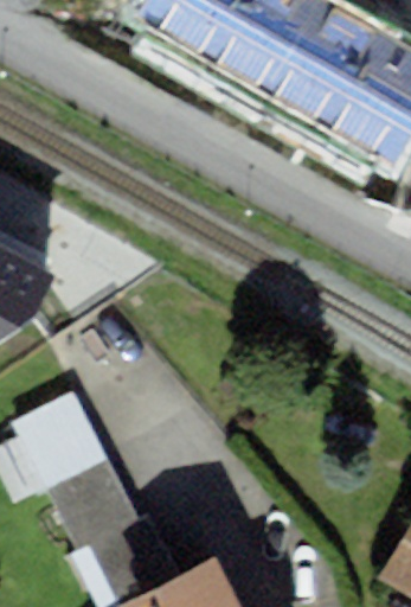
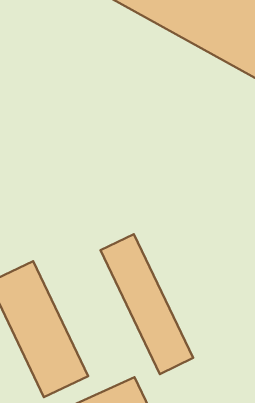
building: none -> [101,234,193,374]

